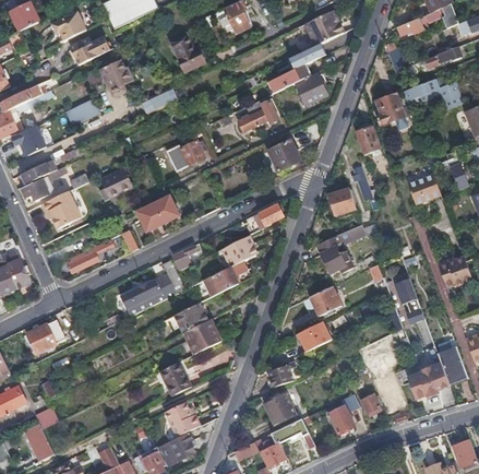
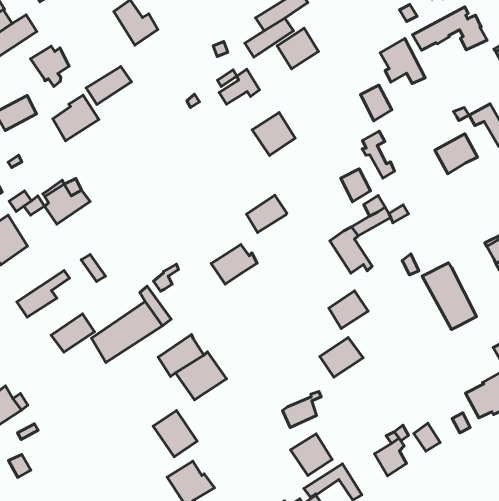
building: [168,135,204,169] -> [53,95,99,141]
building: [136,194,179,230] -> none
building: [201,260,252,297] -> none
building: none -> [51,314,95,352]

